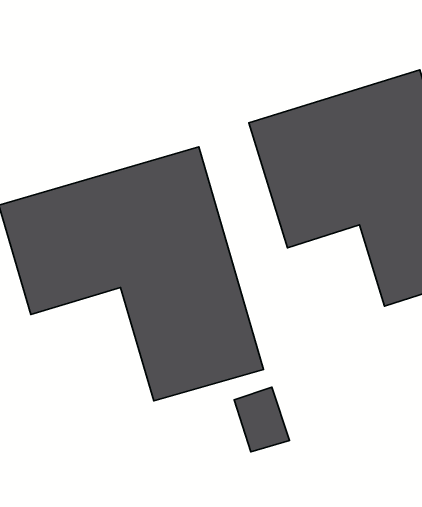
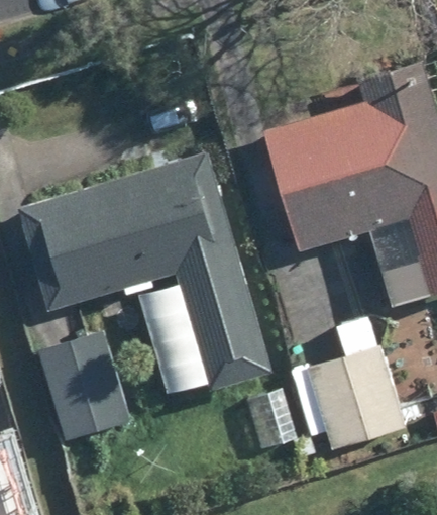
building: none -> [288,317,407,452]
building: none -> [34,329,130,443]

